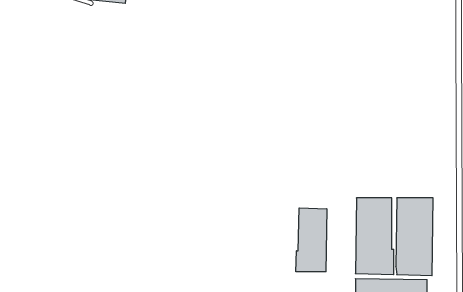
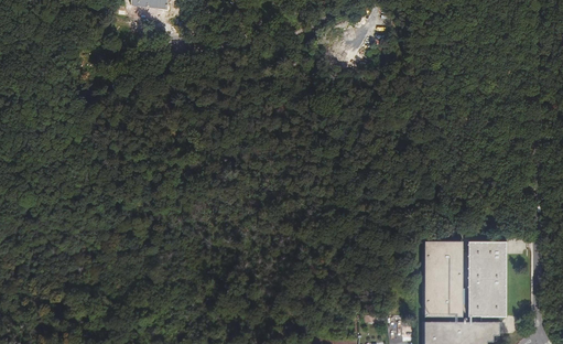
building: [296,208,327,272] -> none

